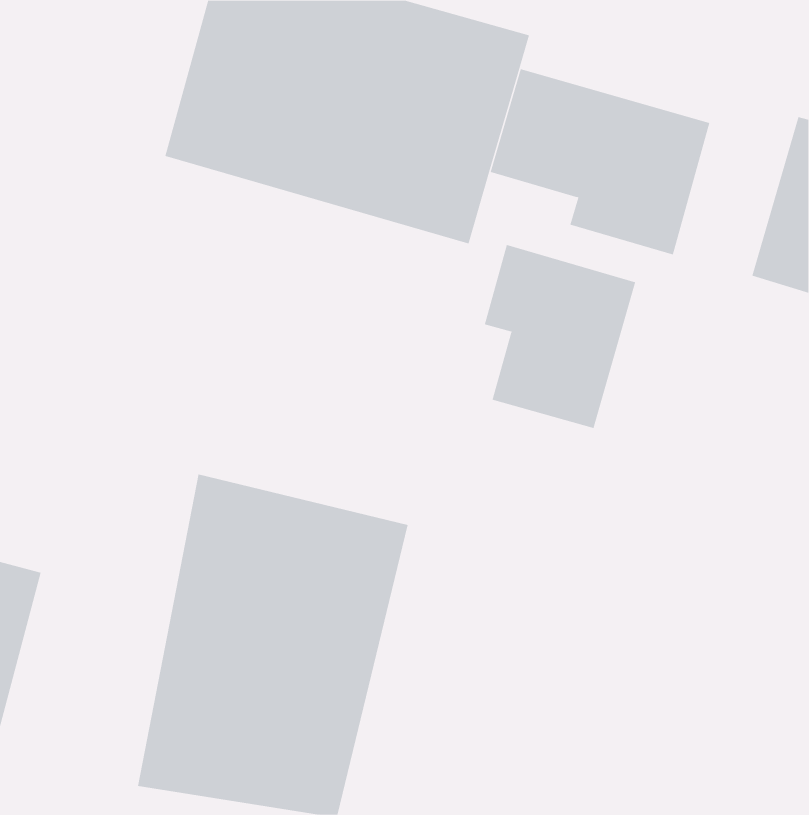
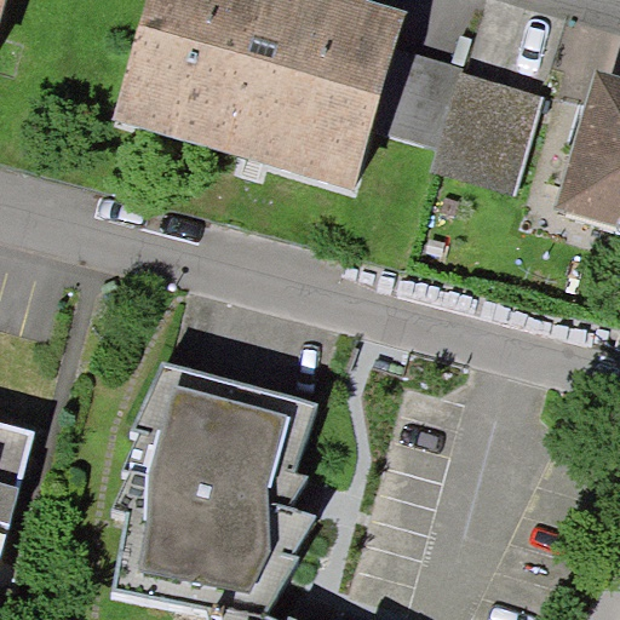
building: [484,244,636,429] -> none

